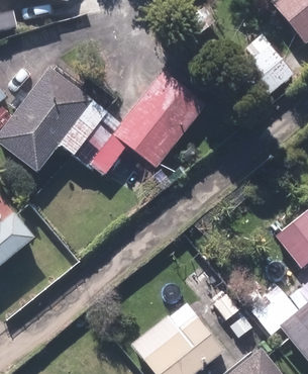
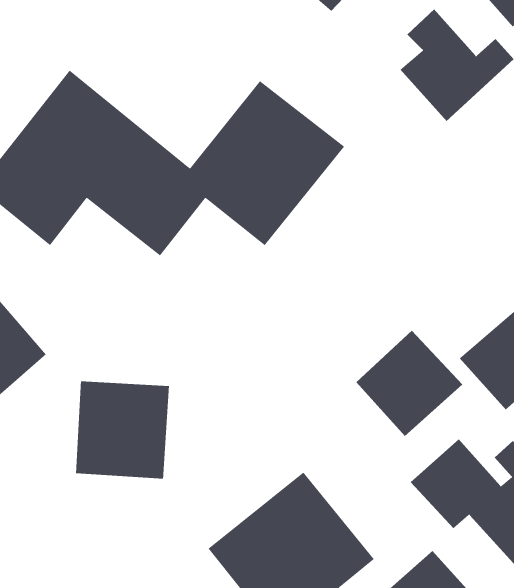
building: none -> [355,330,463,437]
building: none -> [75,380,170,480]

